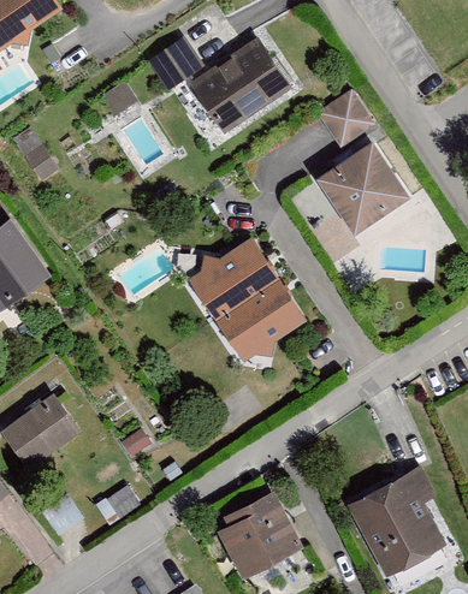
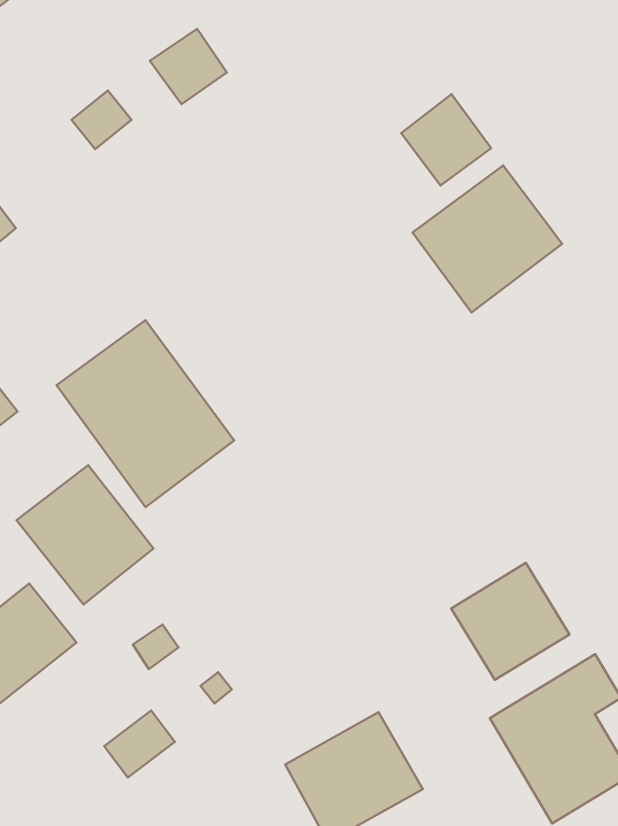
building: [189,38,290,135] -> none
building: [189,239,304,363] -> [57,320,234,507]
building: none -> [16,465,153,604]
building: none -> [451,563,569,680]

